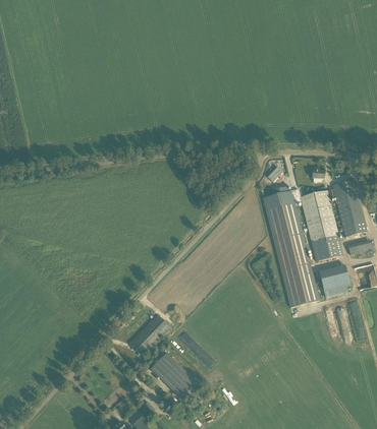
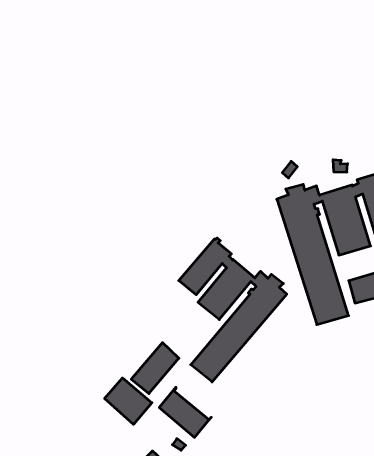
building: none -> [179,238,287,382]
building: none -> [105,378,152,424]

